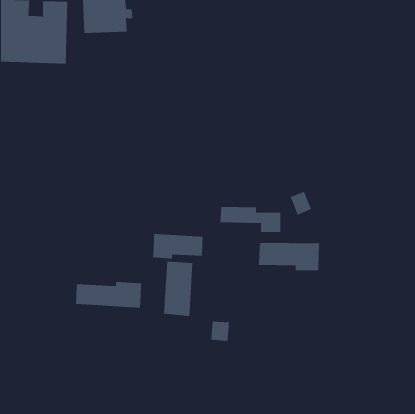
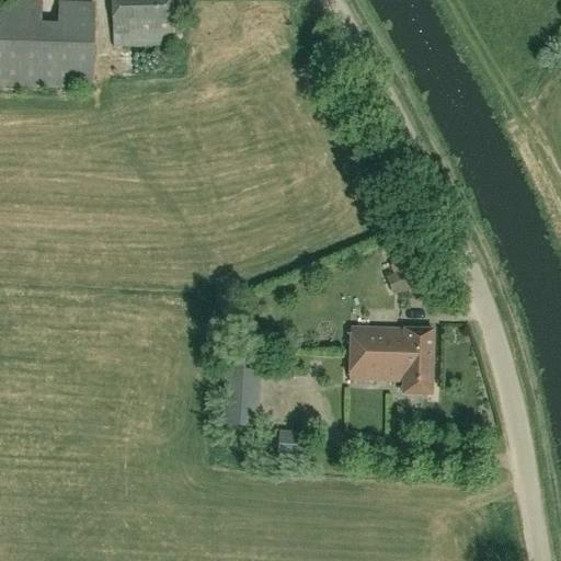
building: [220,206,281,232] -> [347,357,431,392]
building: [153,233,203,259] -> none
building: [76,281,142,309] -> none

